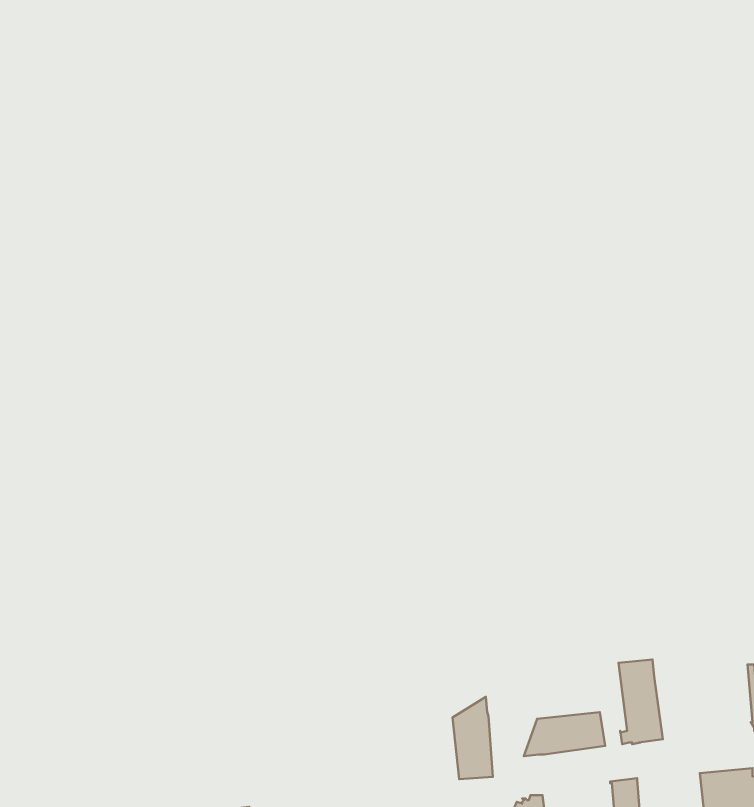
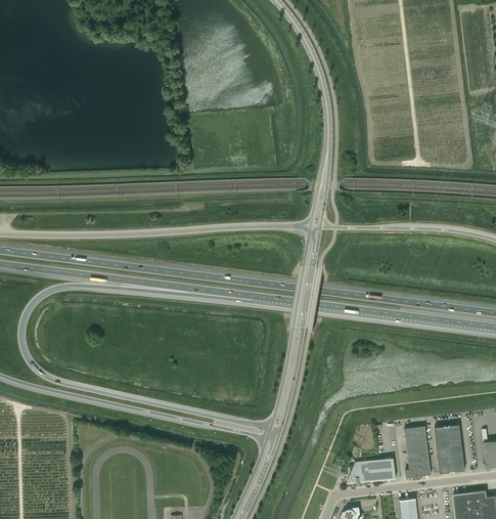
building: none -> [434,425,464,473]
building: [453,697,493,779] -> none

